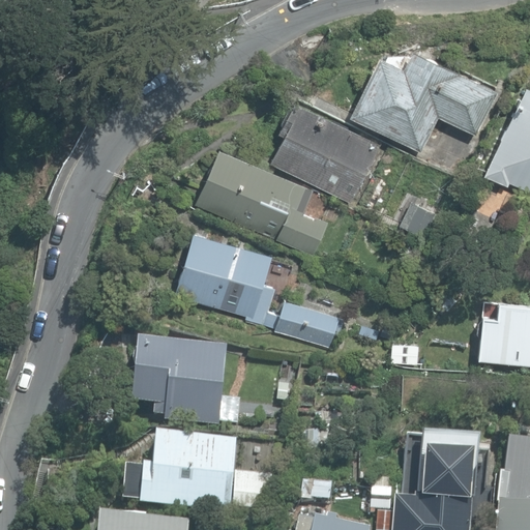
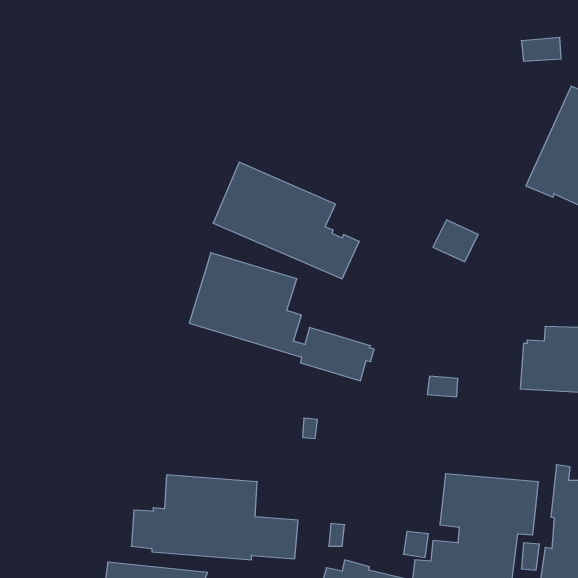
building: [350,42,498,144] -> none
building: [271,104,380,203] -> none
building: [132,341,241,428] -> none

